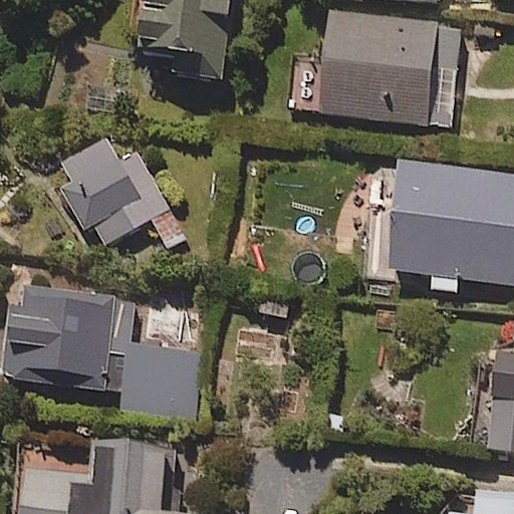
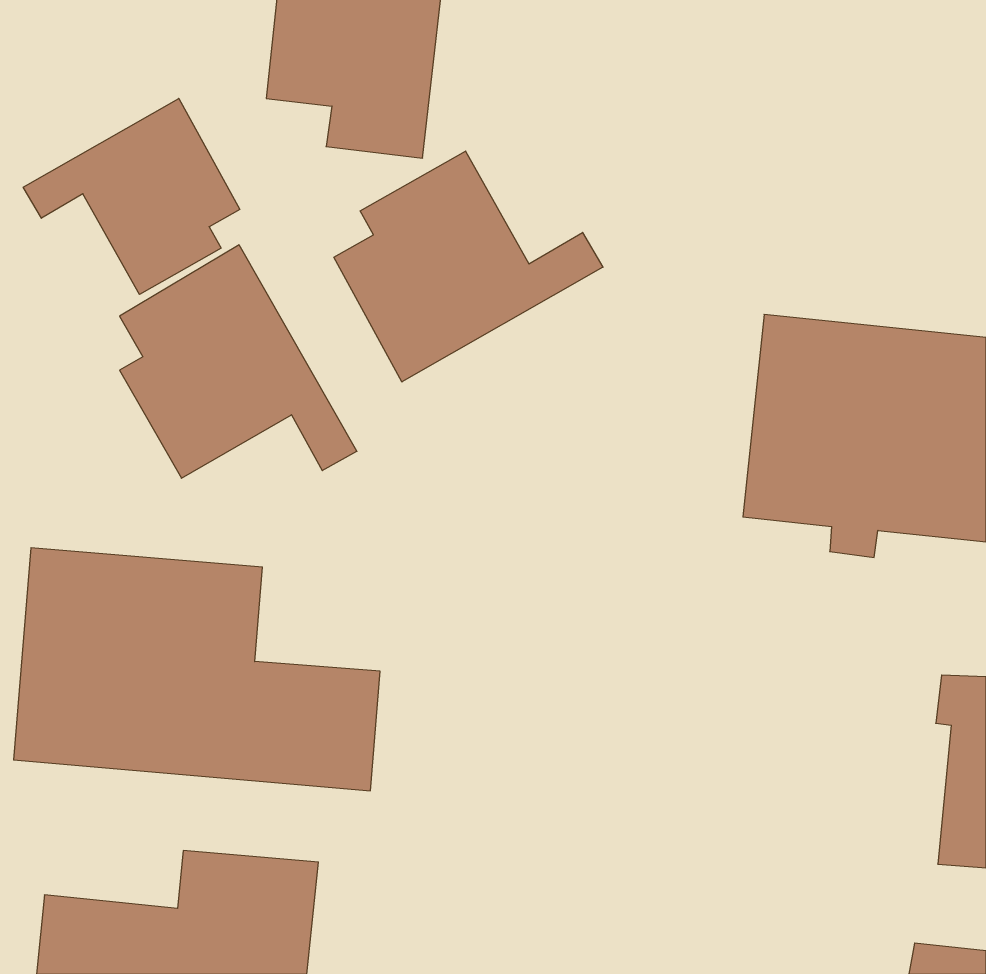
building: [318,12,460,124] -> none
building: none -> [23,98,240,294]
building: none -> [334,151,603,382]

